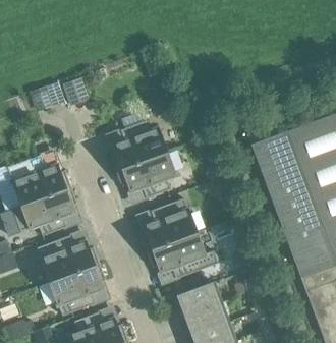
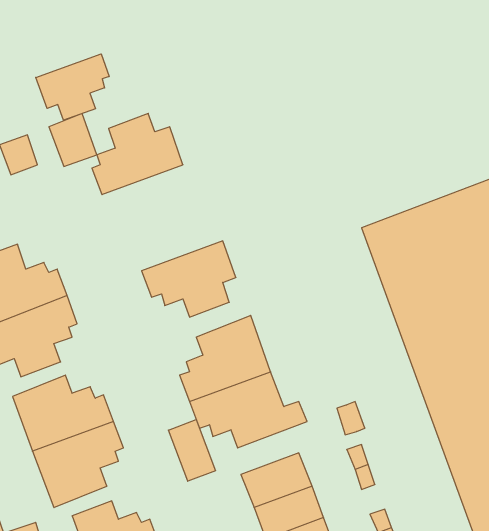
building: none -> [36,54,109,120]
building: [110,120,166,170] -> [92,113,183,195]
building: none -> [168,420,216,481]

